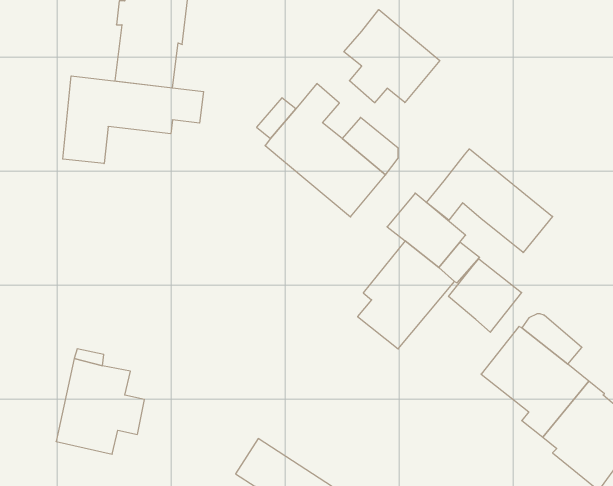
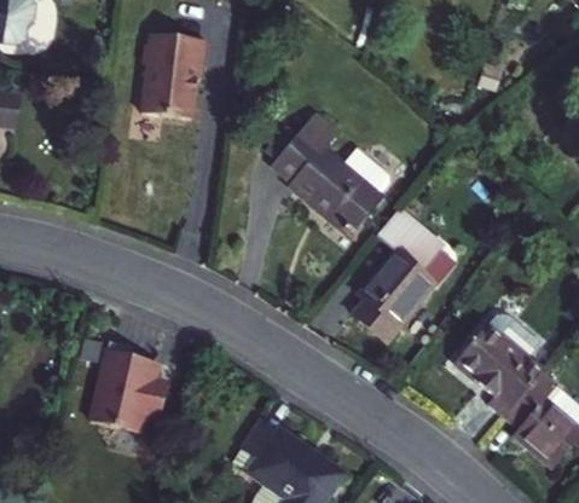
building: [344,10,440,103] -> none
building: [63,76,204,164] -> none
building: [426,149,553,253] -> none
building: [449,259,522,332] -> none

